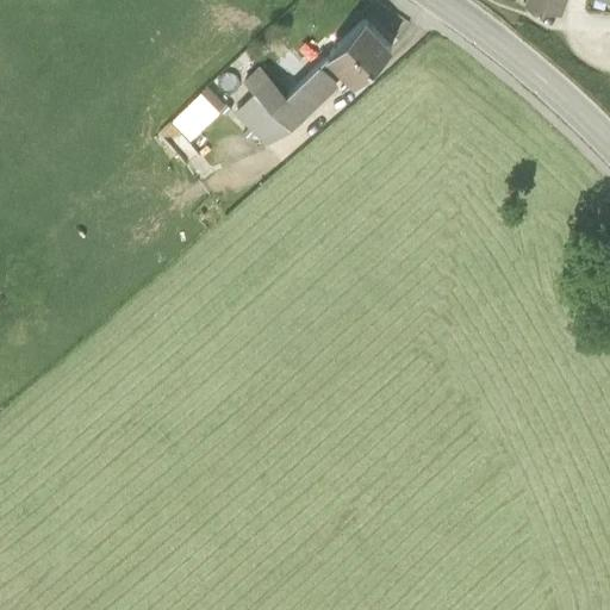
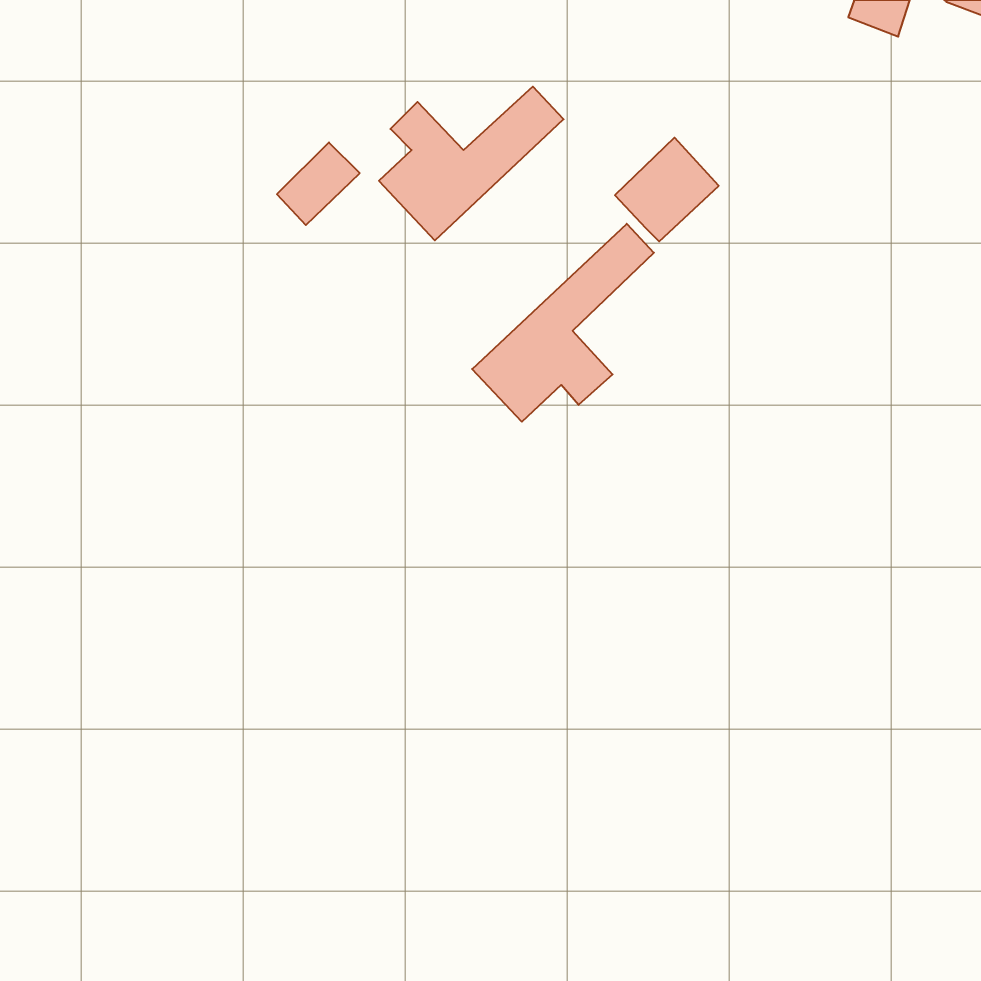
building: [331,19,396,83] -> [615,138,719,241]
building: none -> [472,224,654,422]

